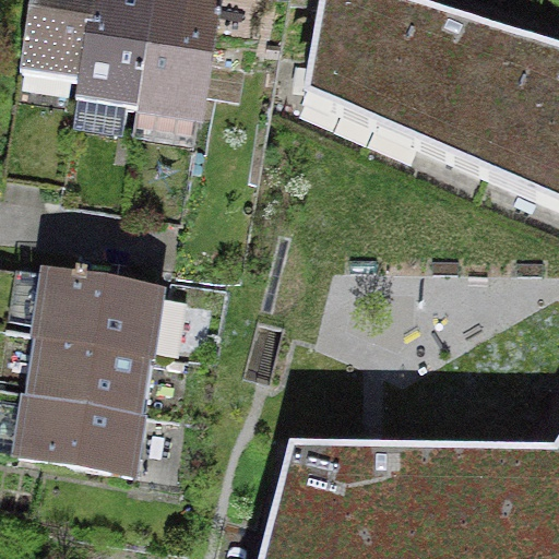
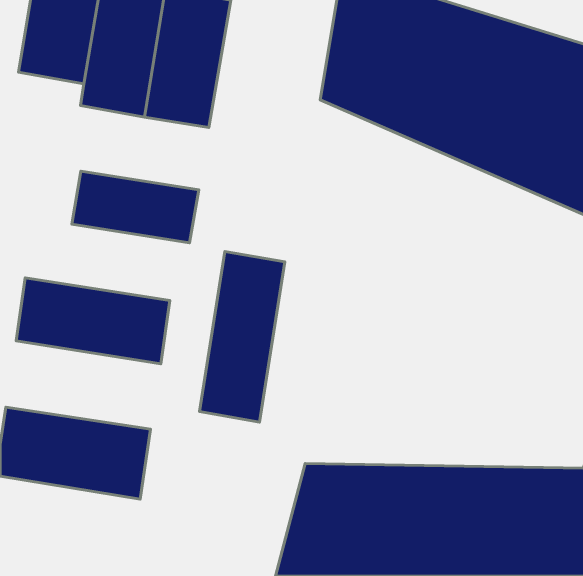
building: none -> [72,171,199,243]
building: none -> [199,251,285,422]
building: [9,324,156,408] -> none

